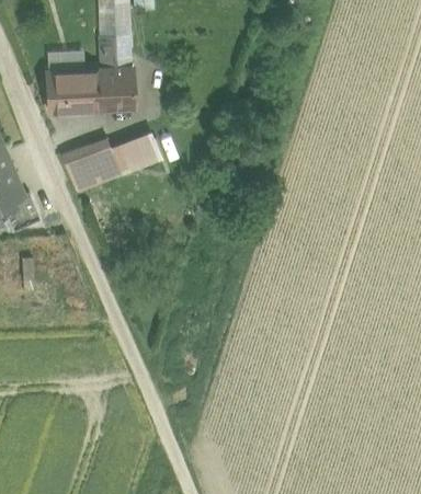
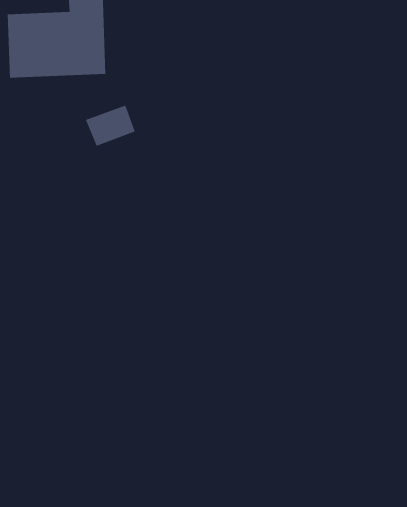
building: [65,142,123,192] -> none

